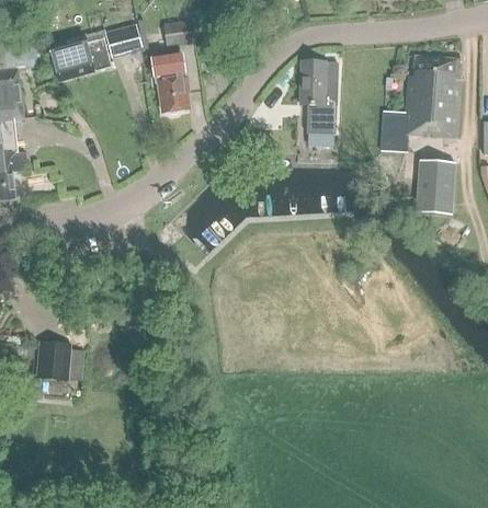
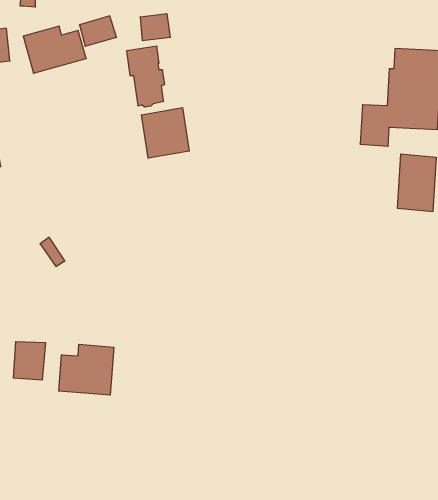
building: [299,61,337,134] -> none
building: none -> [142,108,189,158]
building: none -> [59,344,114,395]

